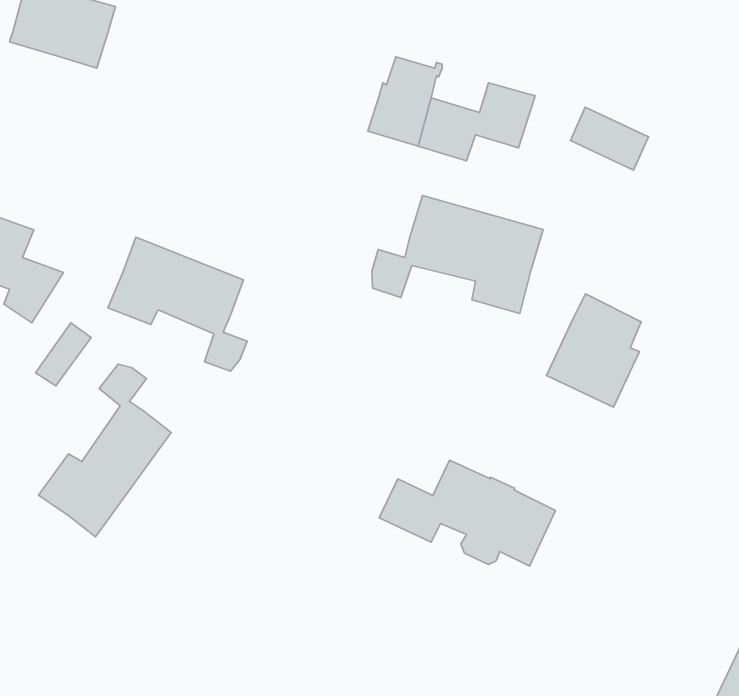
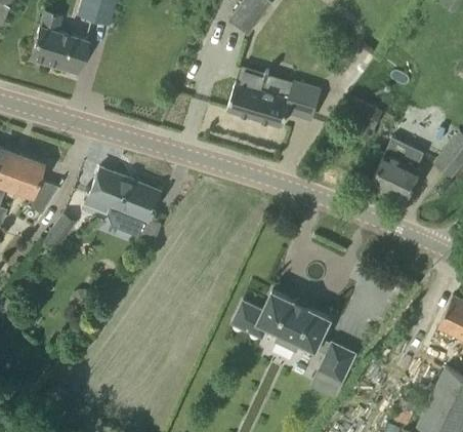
building: [372,196,543,313] -> none
building: [547,294,641,407] -> [370,139,422,201]
building: [38,364,171,537] -> none
building: none -> [312,343,354,395]

